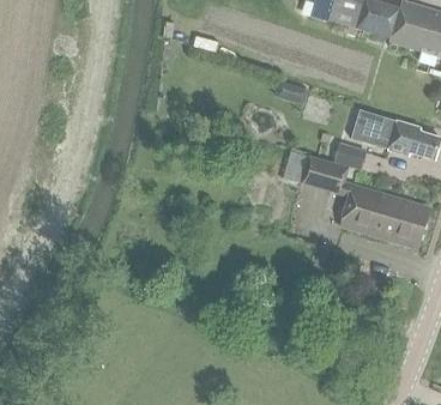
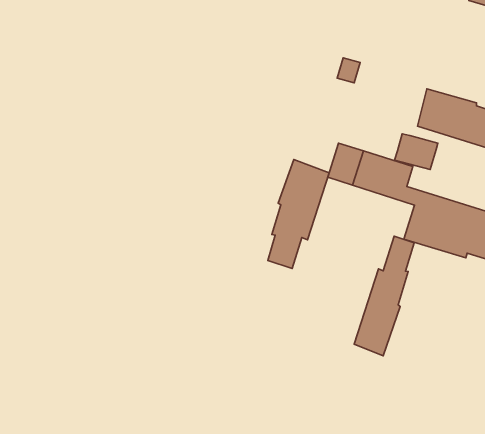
building: none -> [268,160,329,268]
building: none -> [354,236,414,356]

